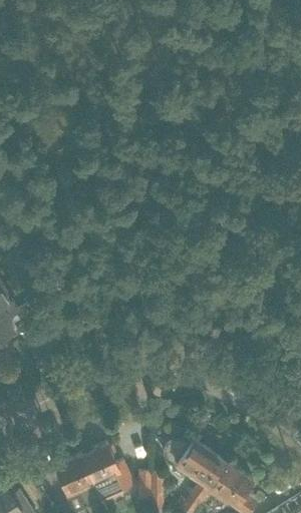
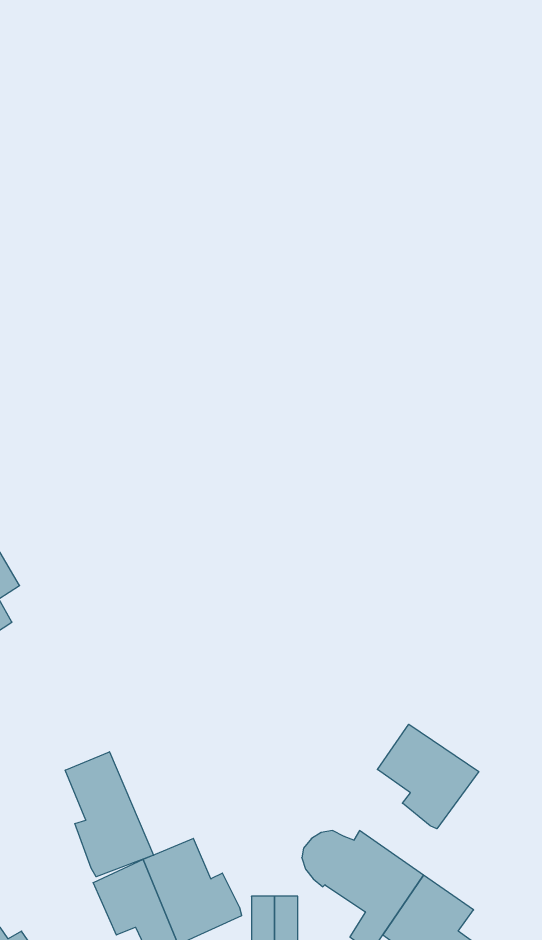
building: none -> [377,724,479,829]
building: none -> [65,752,154,877]

